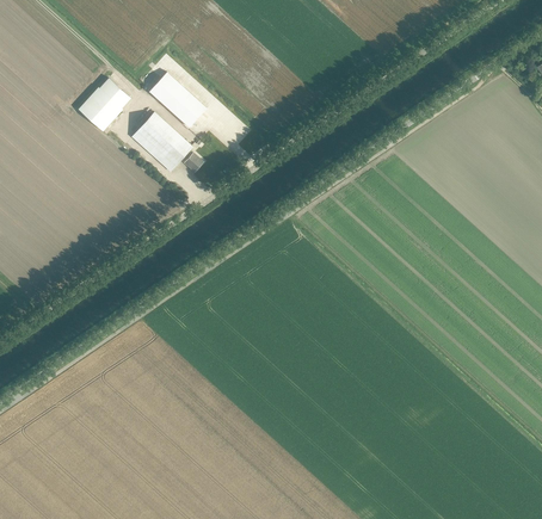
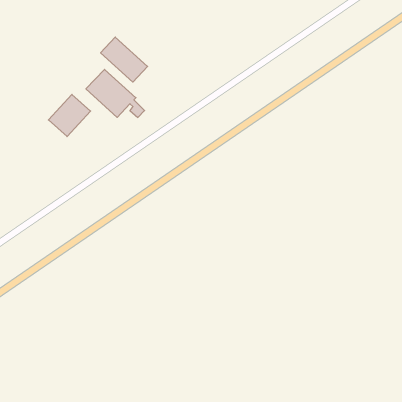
building: [80,78,131,129] -> [48,94,91,137]

